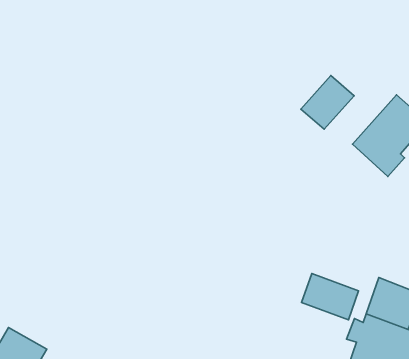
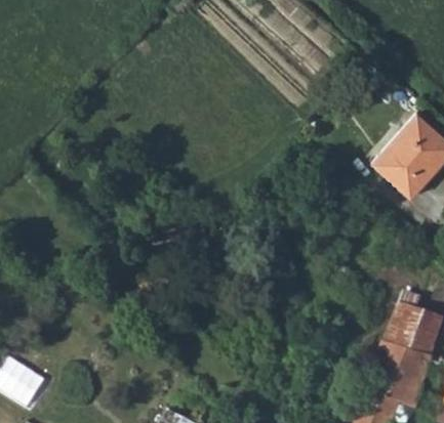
building: [301,76,354,129] -> none
building: [302,274,358,320] -> none

